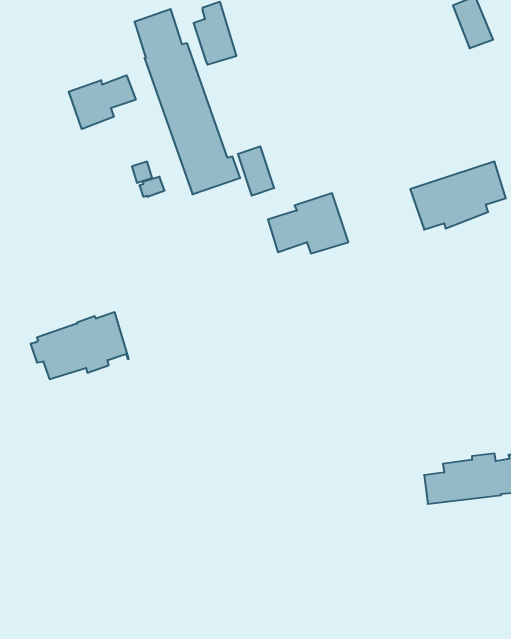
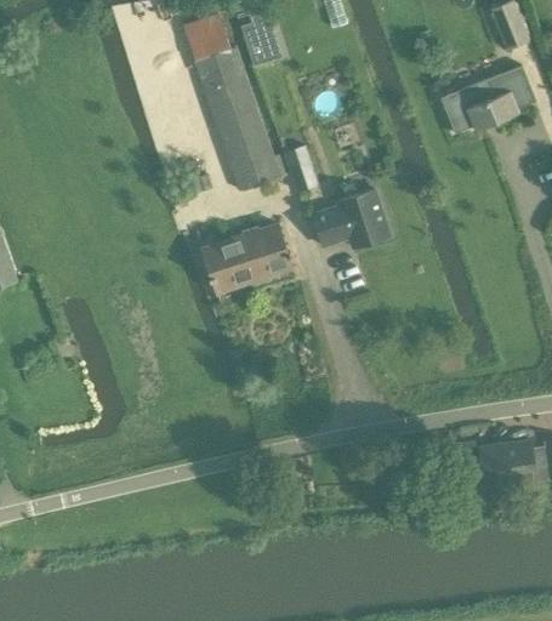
building: [69,75,136,129] -> none
building: [410,162,506,230] -> [440,72,533,137]
building: [31,312,129,379] -> [195,223,290,287]

